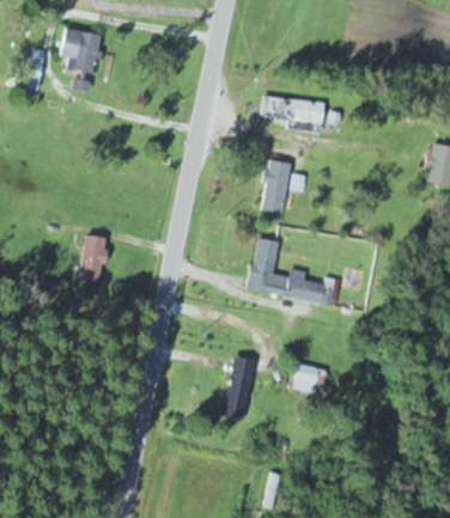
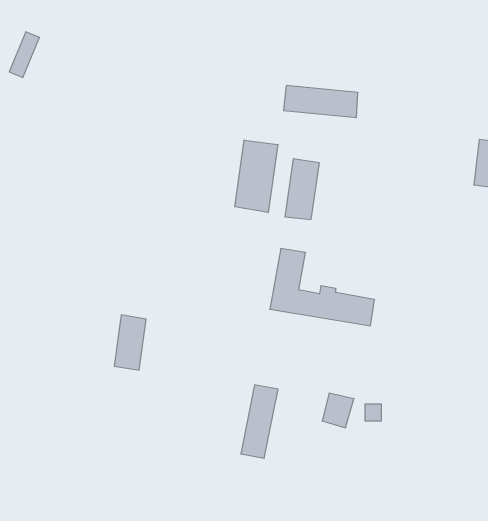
building: [61,29,101,73] -> none
building: none -> [235,140,278,213]
building: [80,233,108,281] -> [114,315,146,370]

